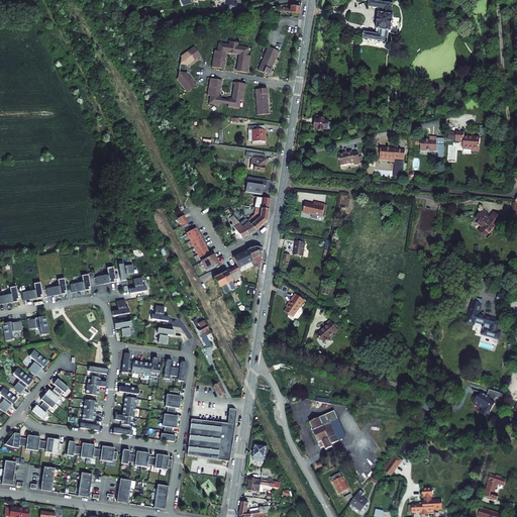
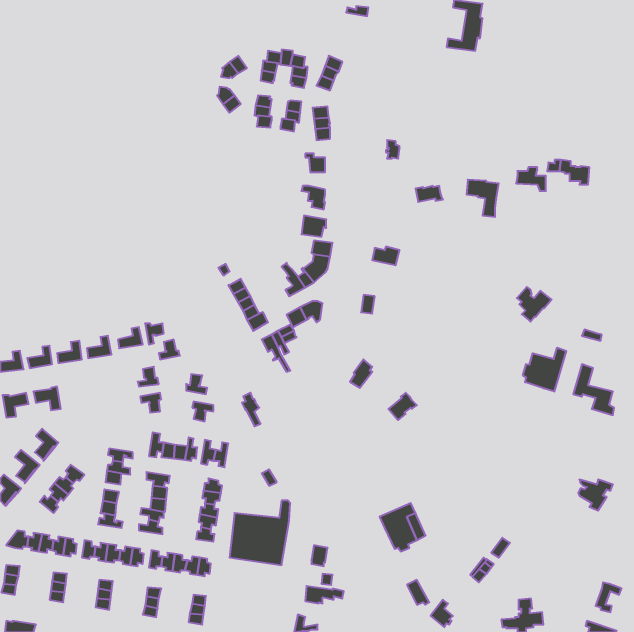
building: [475,208,503,236] -> [517,287,552,322]
building: none -> [523,348,566,392]

